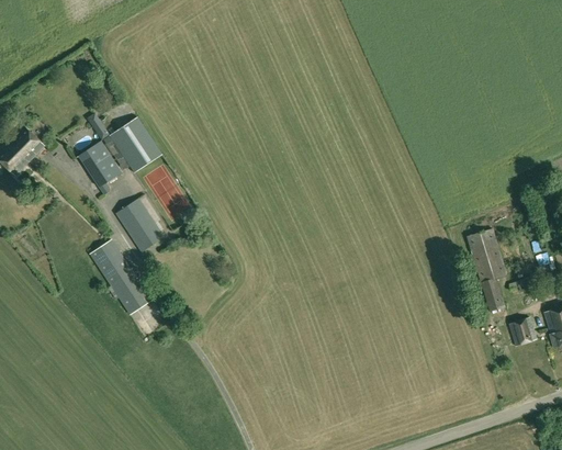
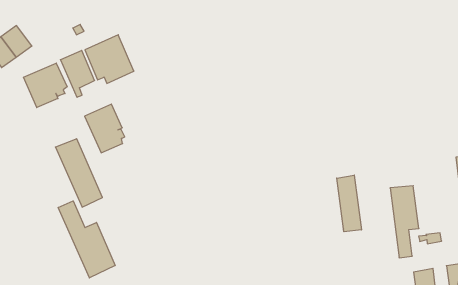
building: none -> [24,63,67,108]
building: none -> [337,175,361,232]
building: none -> [58,201,115,278]

